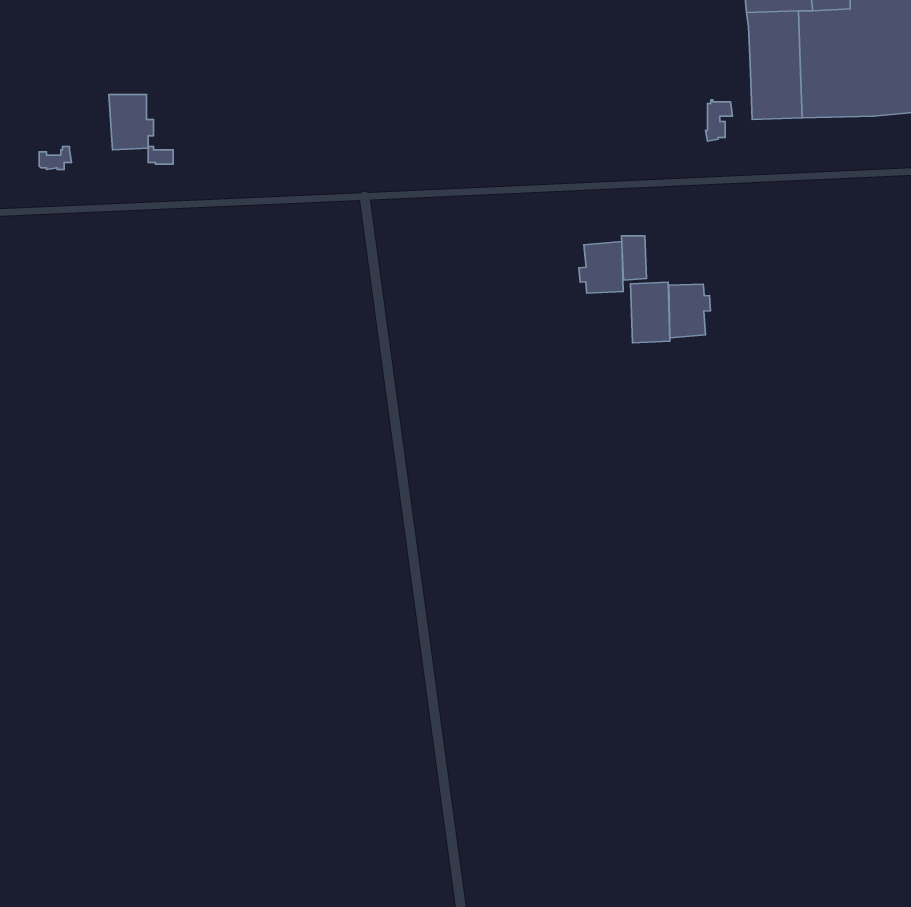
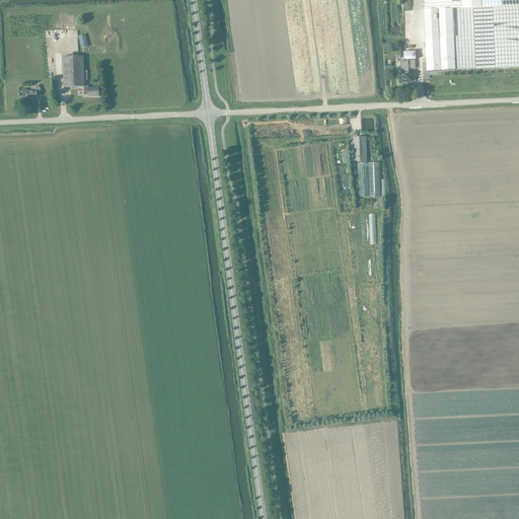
building: [579,242,623,293] -> none
building: [669,284,711,338] -> none

